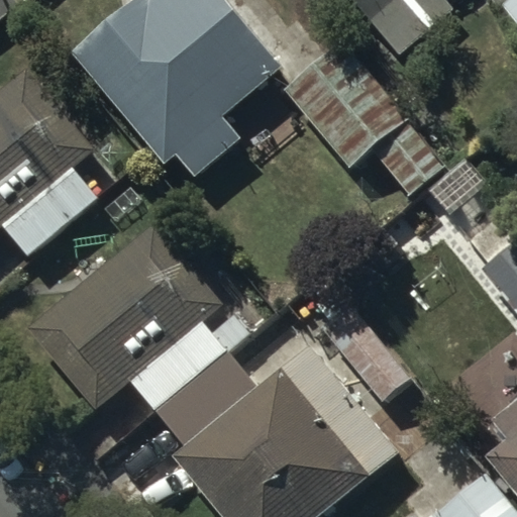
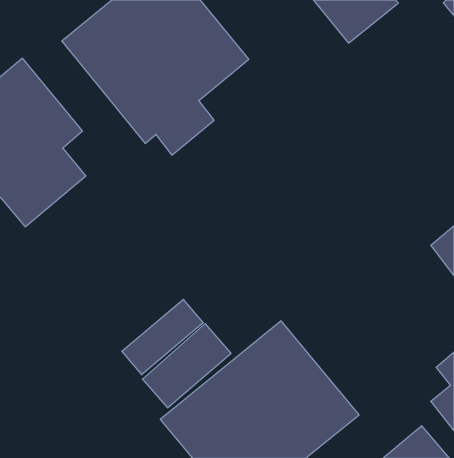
building: [284,38,445,195] -> none
building: [33,236,227,423] -> none

